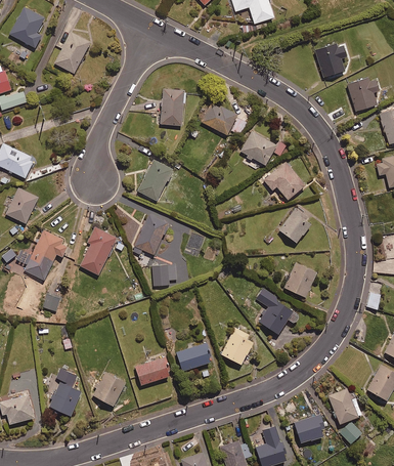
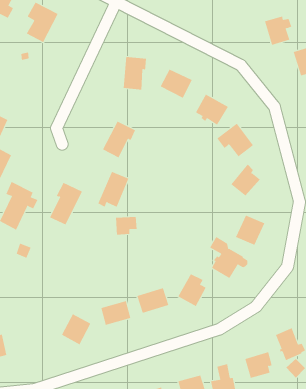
building: [48,383,80,417] -> none

